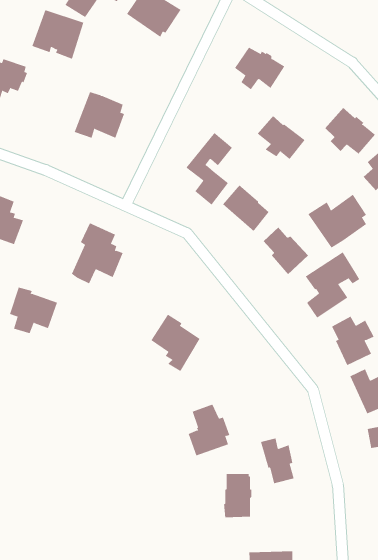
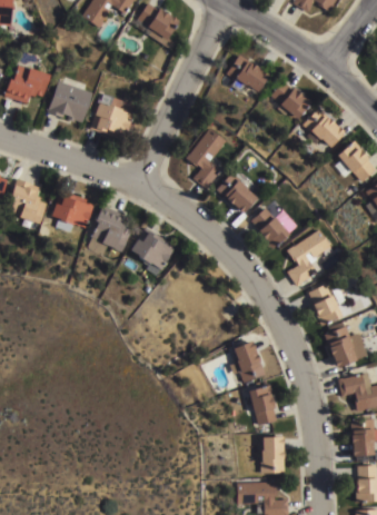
building: [32,9,84,59] -> [48,80,92,122]
building: [257,115,306,160] -> [270,79,311,117]
building: [308,194,367,248] -> none
building: [9,287,58,334] -> [53,190,95,230]
building: [151,314,200,372] -> [132,226,175,275]
building: [188,404,230,456] -> [230,339,266,384]
building: [223,473,252,518] -> [260,436,285,474]

